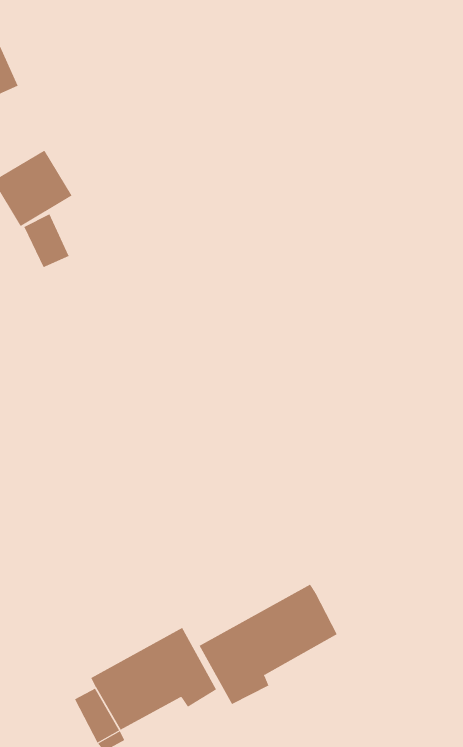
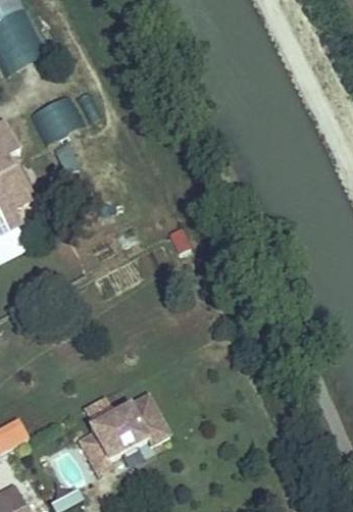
building: [199,584,338,705] -> none

